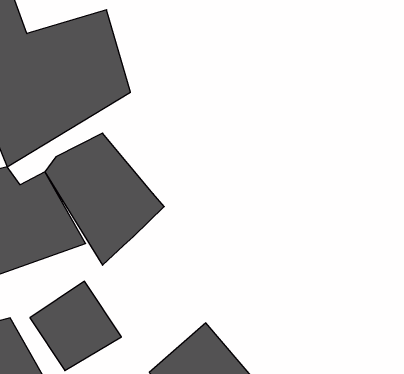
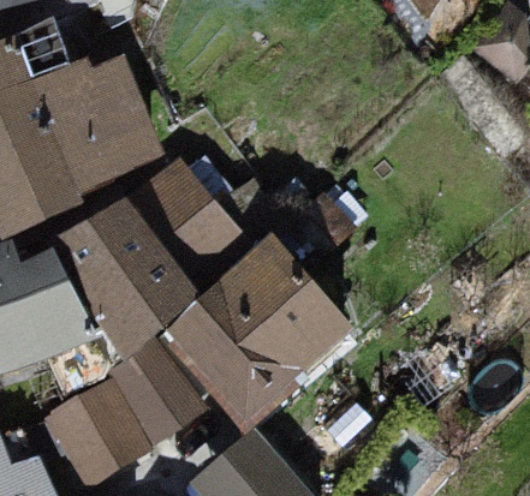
building: none -> [129,153,243,275]
building: none -> [166,244,355,425]
building: none -> [107,337,203,448]

